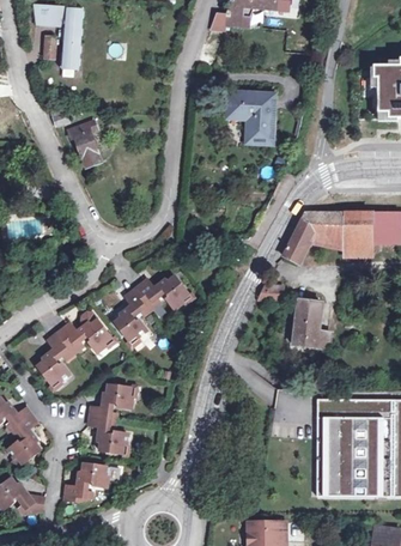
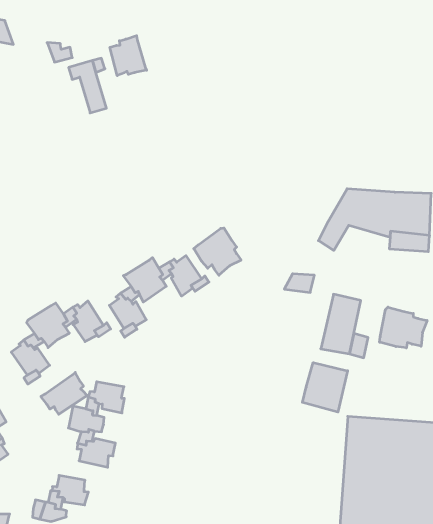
building: [225,90,274,142] -> none
building: none -> [110,36,147,76]
building: none -> [194,228,241,275]
building: none -> [380,307,427,348]
building: none -> [302,363,348,412]
building: none -> [41,372,87,414]

